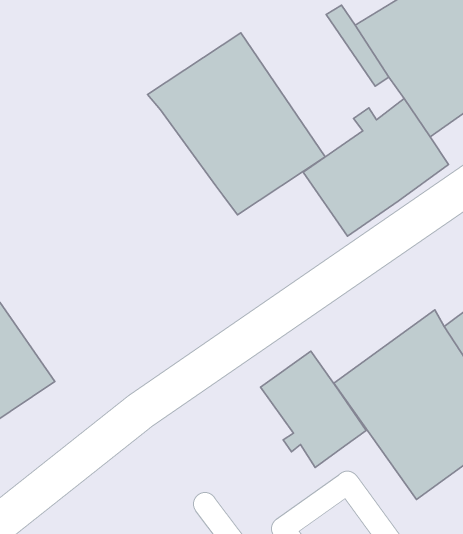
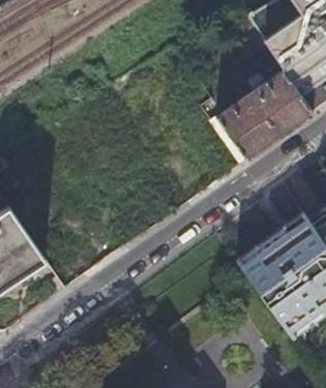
building: [147,33,325,215] -> none
building: [260,351,366,468] -> none

